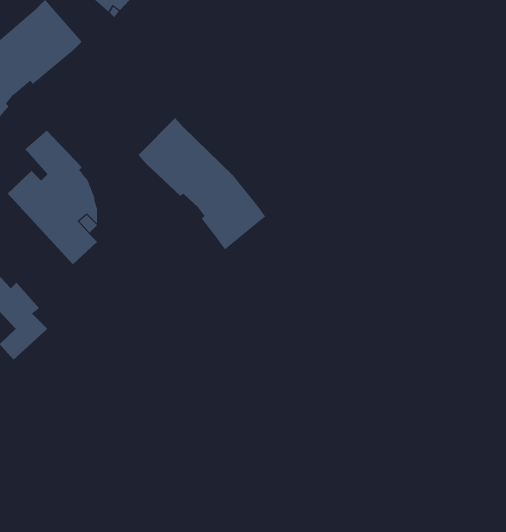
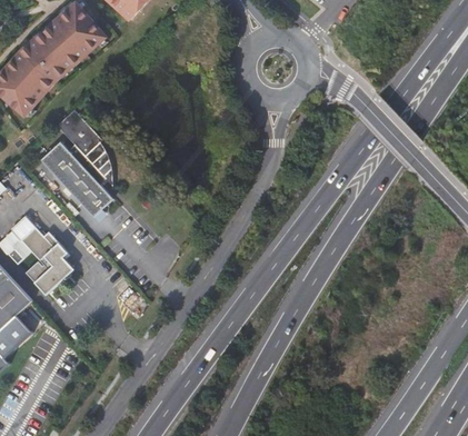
building: [138,117,266,250] -> none

